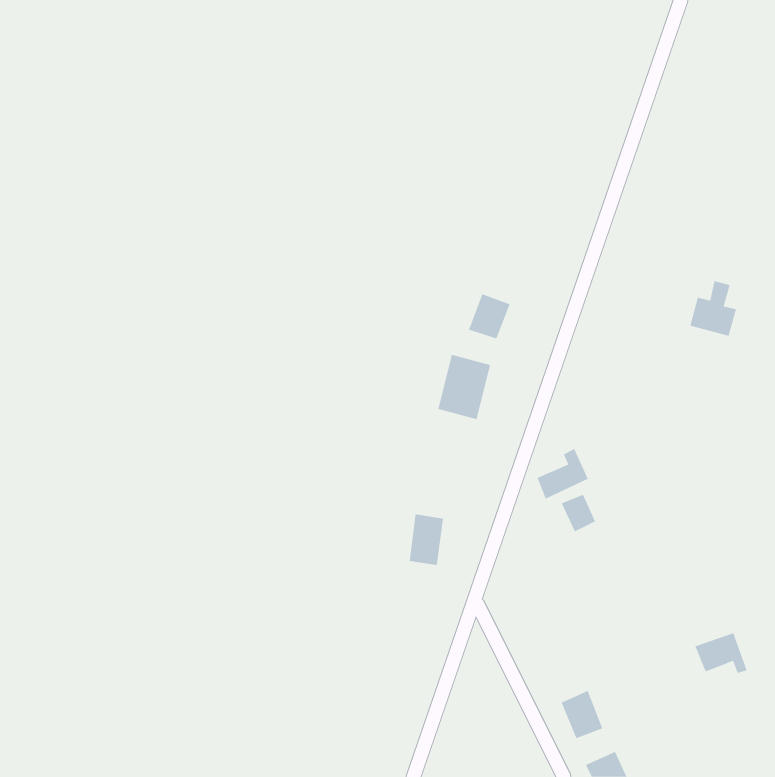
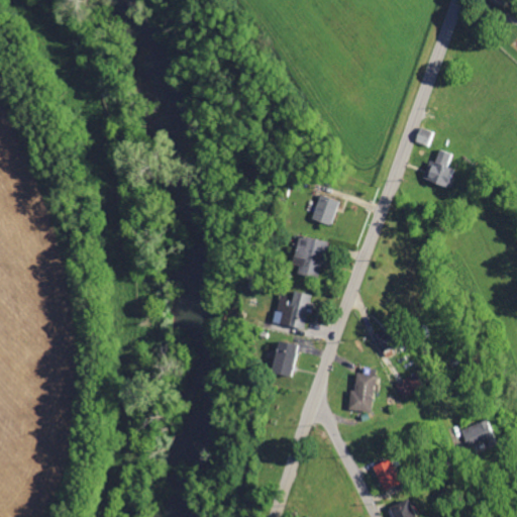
building: [690,280,737,337] -> [422,149,453,187]
building: none -> [273,292,311,329]
building: [537,448,589,500] -> none
building: none -> [348,373,374,412]

